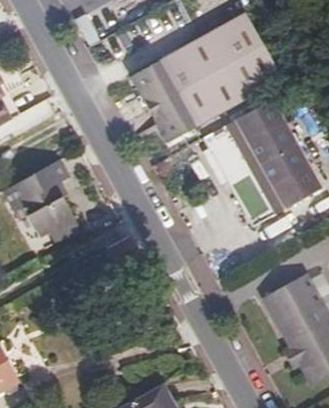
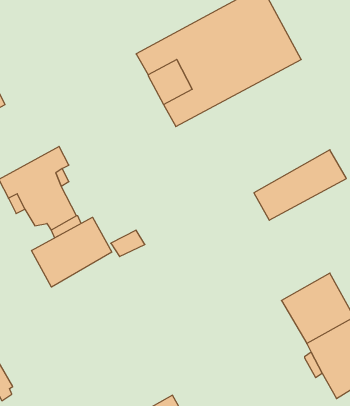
building: [203,99,307,201] -> none
building: none -> [32,217,112,287]

